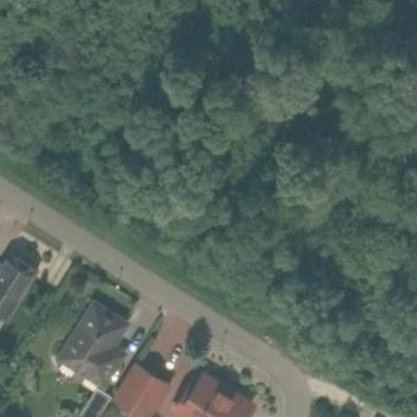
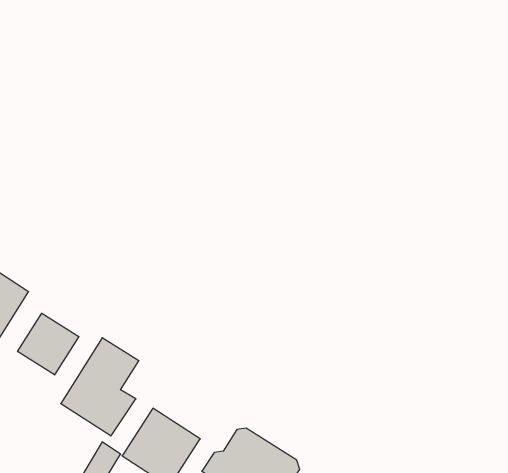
building: none -> [18,313,79,375]

